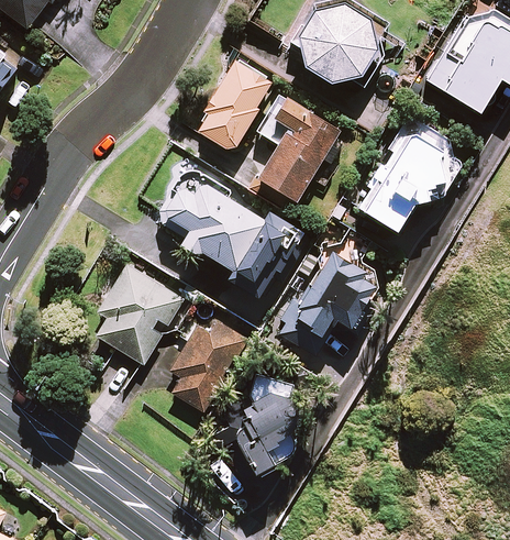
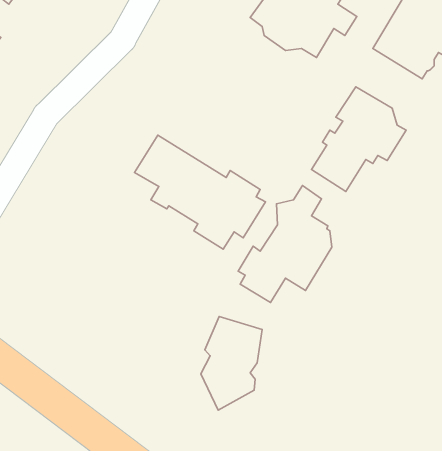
building: [196,60,271,151] -> none
building: [258,97,339,200] -> none
building: [96,266,184,365] -> none
building: [168,322,245,411] -> none

